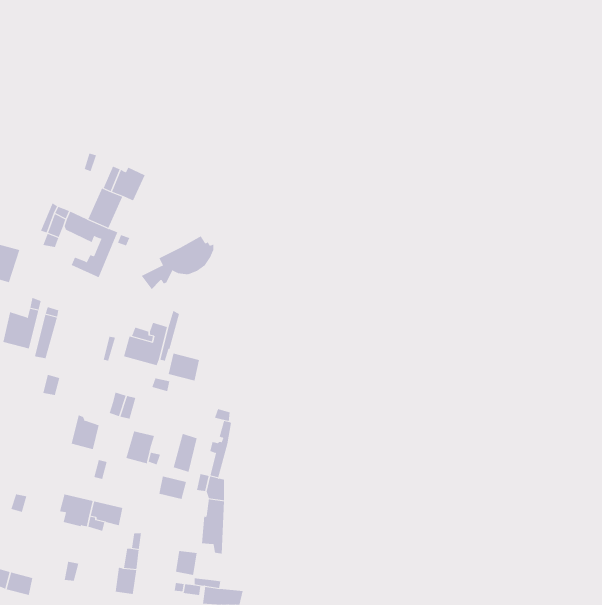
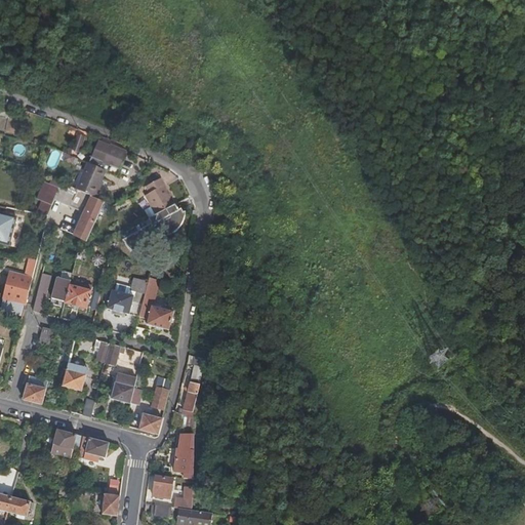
building: none -> [146,178,174,214]
building: none -> [52,276,91,308]
building: none -> [21,373,44,403]

